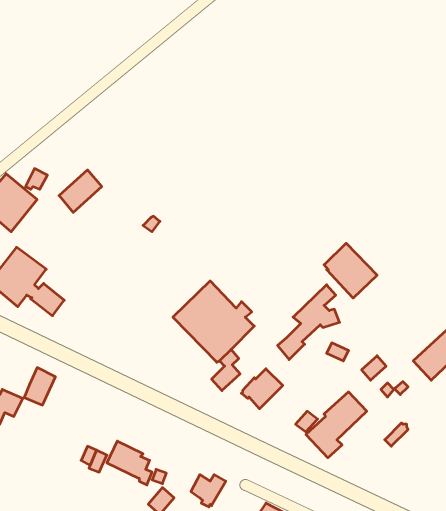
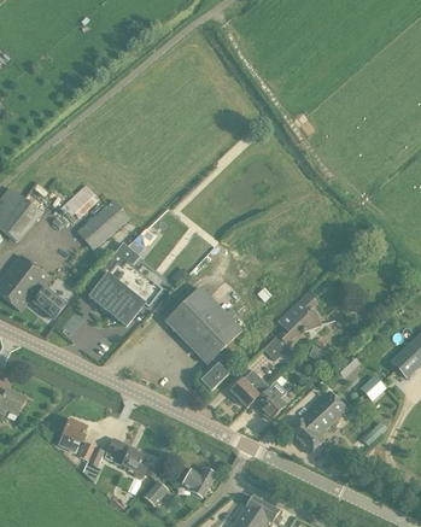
building: none -> [77,200,129,250]
building: none -> [89,242,162,326]
building: [324,243,377,298] -> none
building: [24,368,55,405] -> [58,417,87,452]
building: none -> [256,380,286,418]

